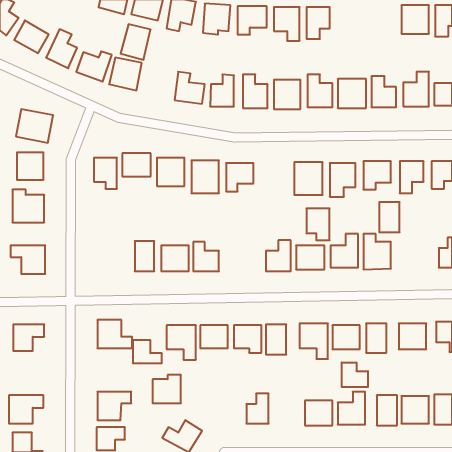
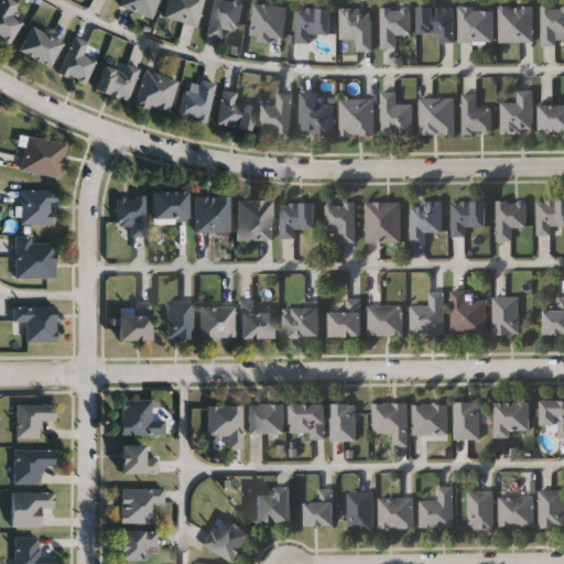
building: none -> [419,8,454,43]
building: none -> [458,8,494,43]
building: [121,24,151,60] -> [177,78,215,122]
building: [379,202,400,232] -> [494,296,519,334]
building: [306,208,330,240] -> [327,203,356,242]
building: none -> [119,301,151,339]
building: none -> [285,310,319,336]
building: [133,340,162,363] -> [121,443,158,471]
building: none -> [14,448,55,482]
building: [342,362,368,387] -> none
building: [153,375,181,403] -> [256,487,291,522]
building: none -> [348,492,373,531]

